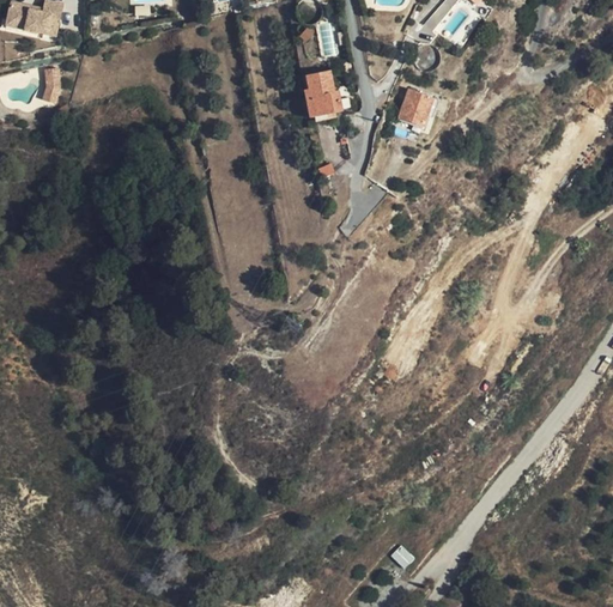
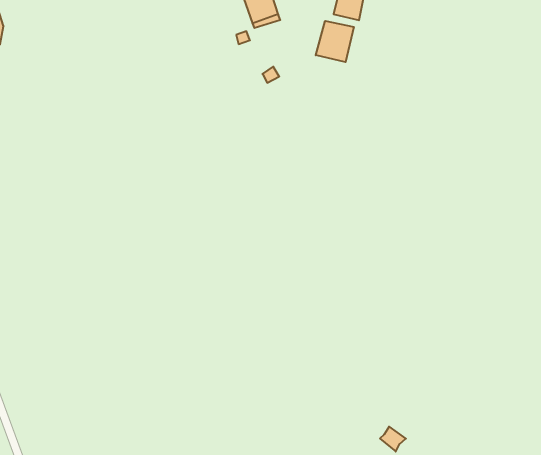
building: none -> [316,21,354,62]

